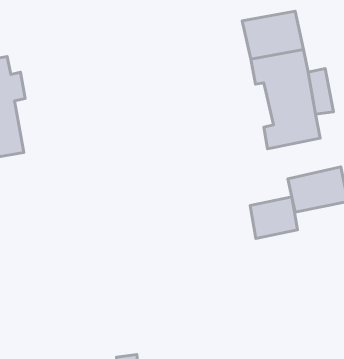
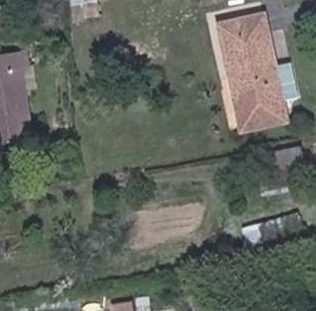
building: [250,197,298,239] -> none

